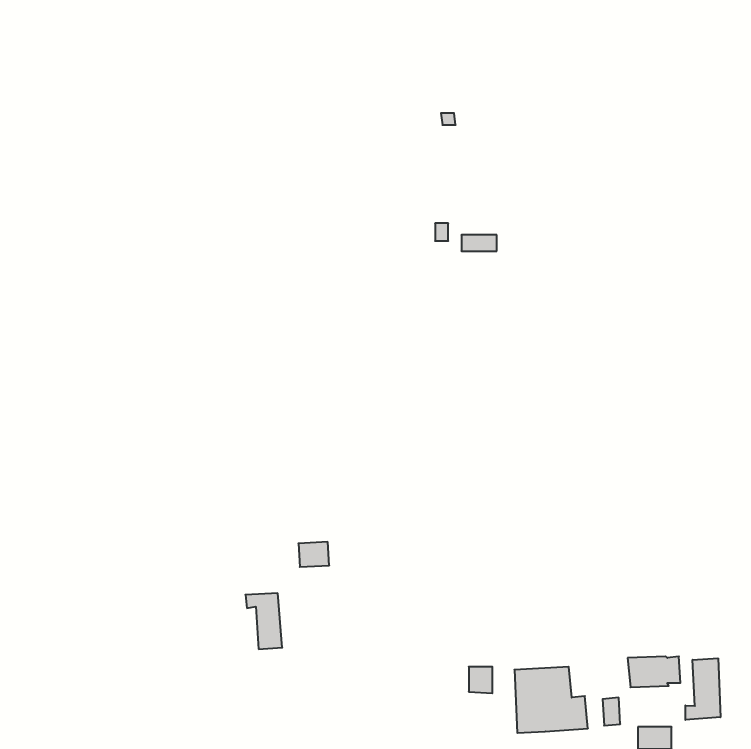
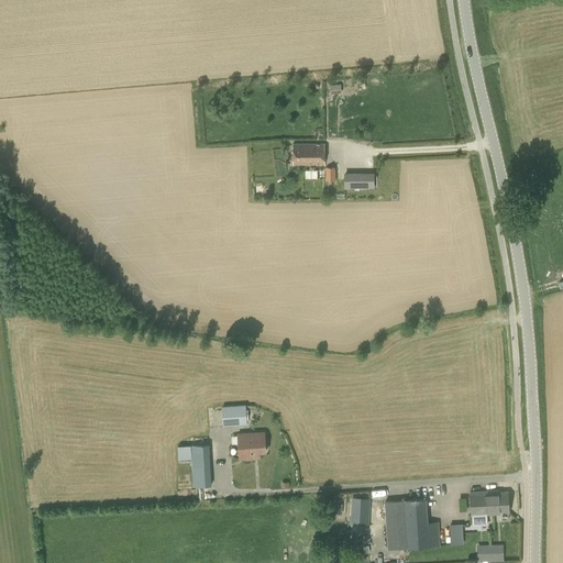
building: none -> [292,145,324,165]
building: none -> [238,433,266,460]
building: [685,658,720,720] -> none

